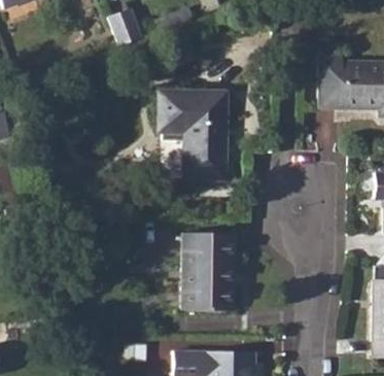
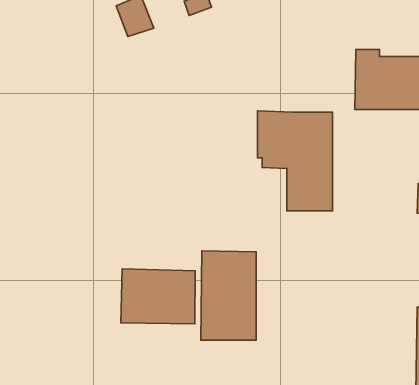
building: [160,91,225,178] -> [257,111,333,211]
building: none -> [121,269,195,324]

